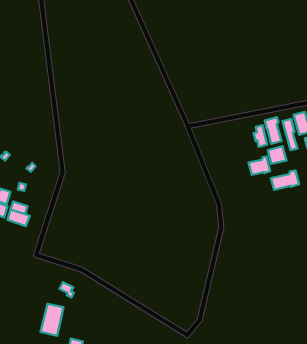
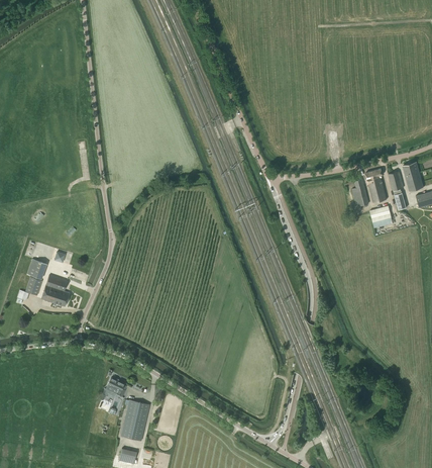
building: [248,157,270,175] -> none
building: [271,170,299,190] -> none
building: [40,304,64,336] -> [120,401,149,442]

